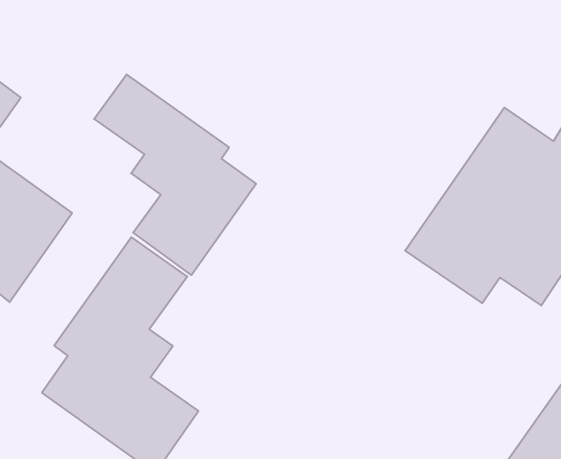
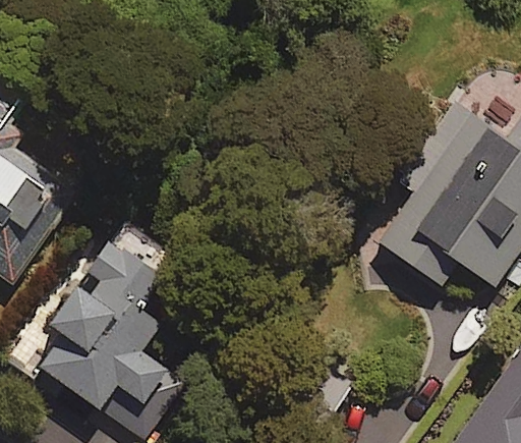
building: [94,74,256,275] -> none

